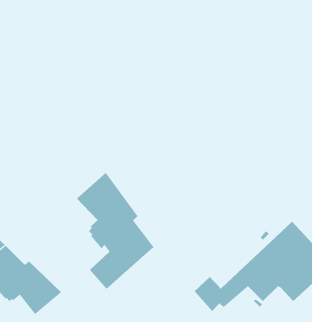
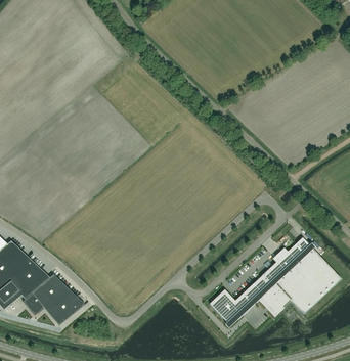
building: [76,172,154,289] -> none

